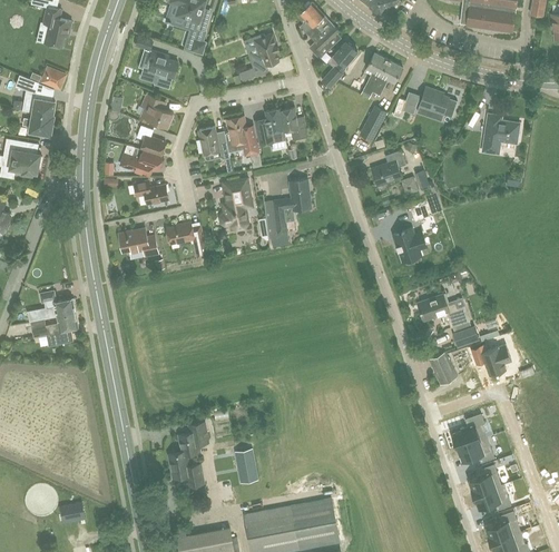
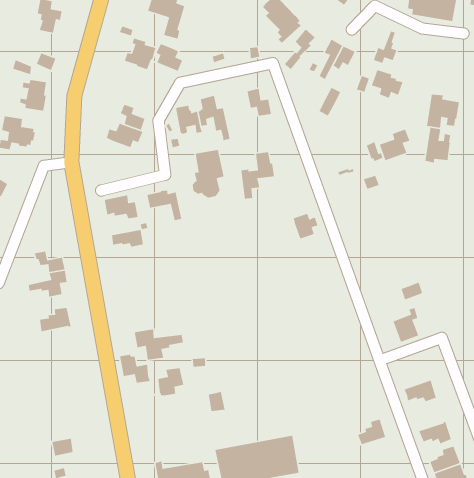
building: [252,31,278,66] -> none
building: none -> [373,31,398,64]
building: [137,93,171,126] -> [152,43,183,72]
building: [254,108,285,145] -> none
building: [370,149,405,186] -> [379,128,410,161]
building: none -> [425,127,451,164]
building: [134,179,168,204] -> none
building: [394,229,423,259] -> [293,213,319,240]
building: none -> [111,229,144,248]
building: [416,293,469,326] -> none
building: [470,343,511,374] -> none
building: none -> [39,307,71,332]
building: none -> [134,328,184,360]
building: [451,412,487,446] -> none
building: [168,452,204,485] -> [119,354,151,384]
building: [468,463,500,493] -> [357,419,386,445]

